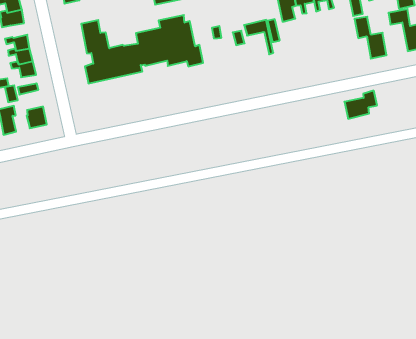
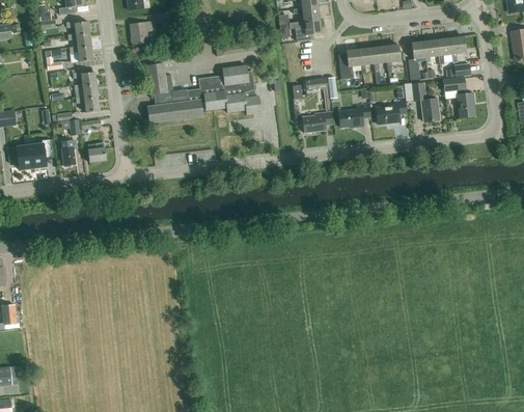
building: none -> [338,104,370,128]
building: none -> [303,112,332,133]
building: [344,91,377,119] -> [376,100,407,125]

